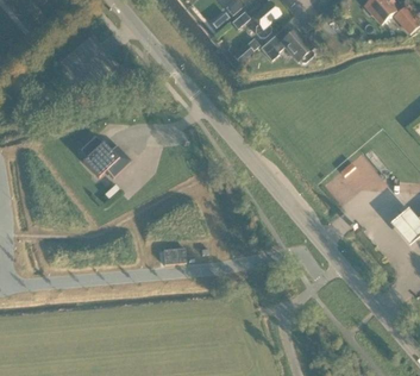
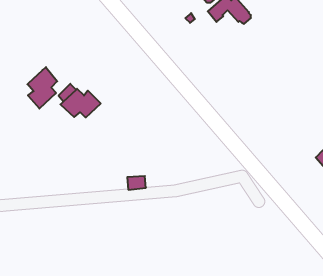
building: none -> [27,67,57,109]

